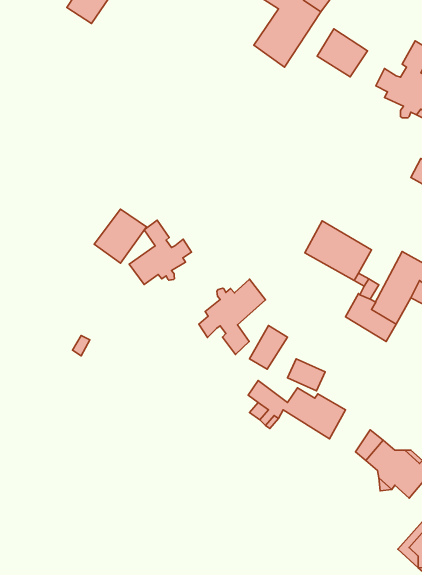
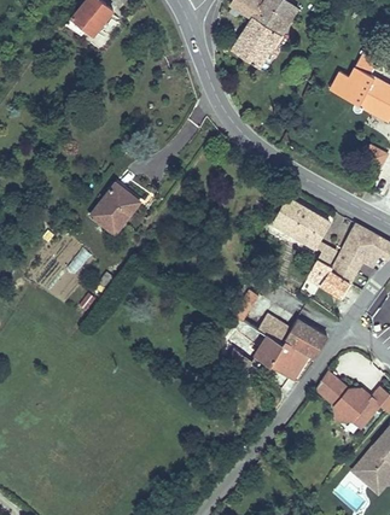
building: [317,29,367,77] -> none
building: [129,220,191,284] -> none
building: [199,279,265,355] -> none
building: none -> [284,320,326,358]

